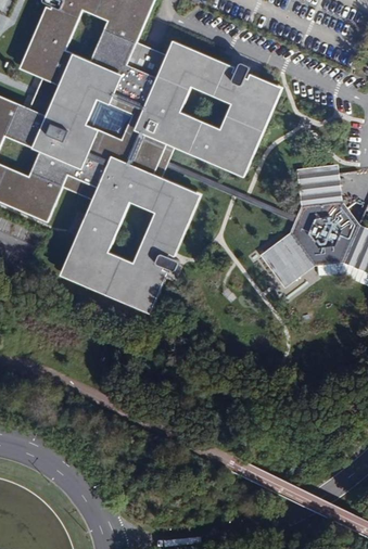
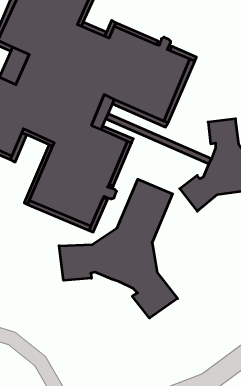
building: none -> [59,179,178,318]

